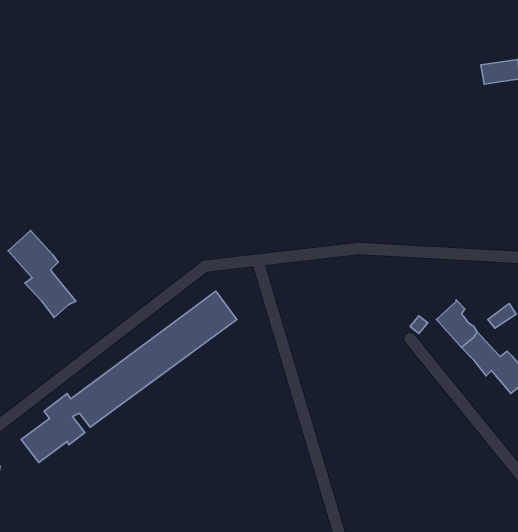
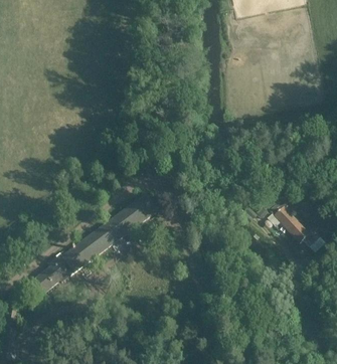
building: [8,230,76,317] -> none

